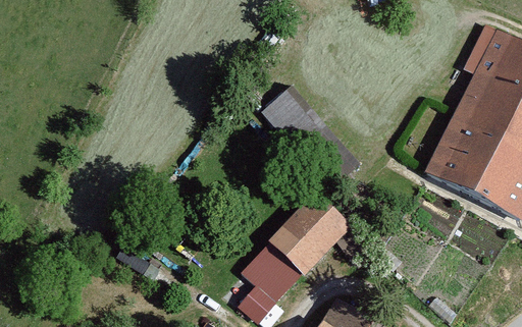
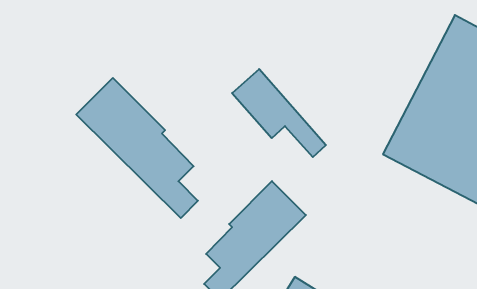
building: none -> [76,78,198,218]

